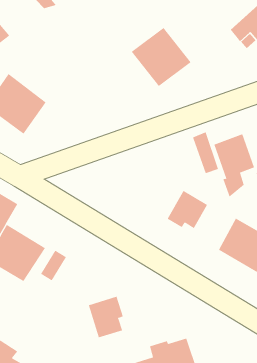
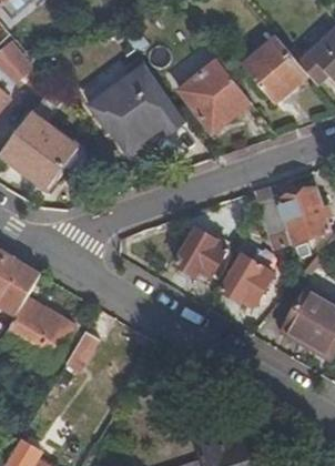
building: none -> [241,37,306,102]
building: none -> [88,58,184,155]
building: none -> [174,230,224,276]
building: [88,296,123,338] -> none

